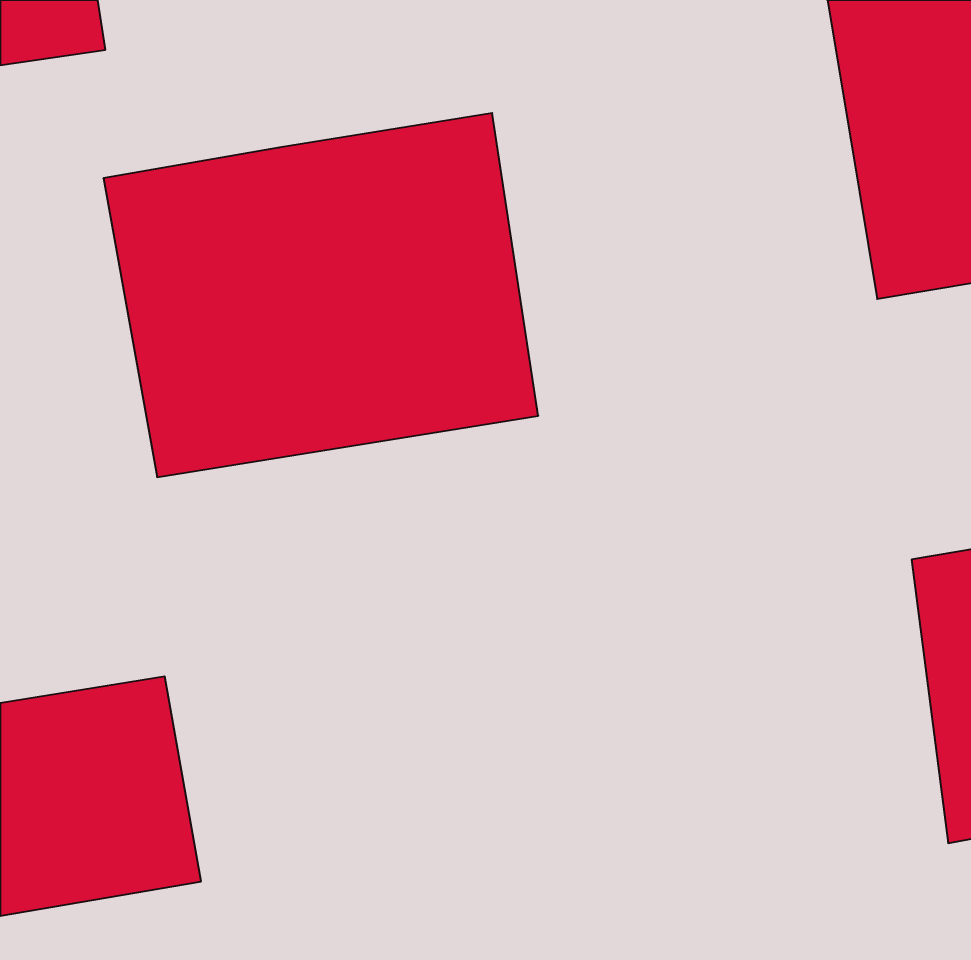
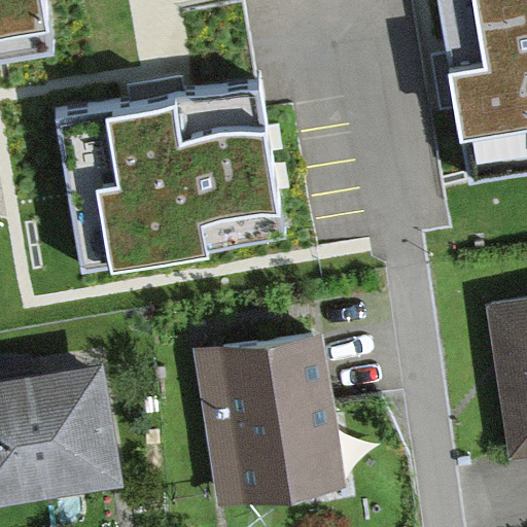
building: none -> [194,344,331,508]

